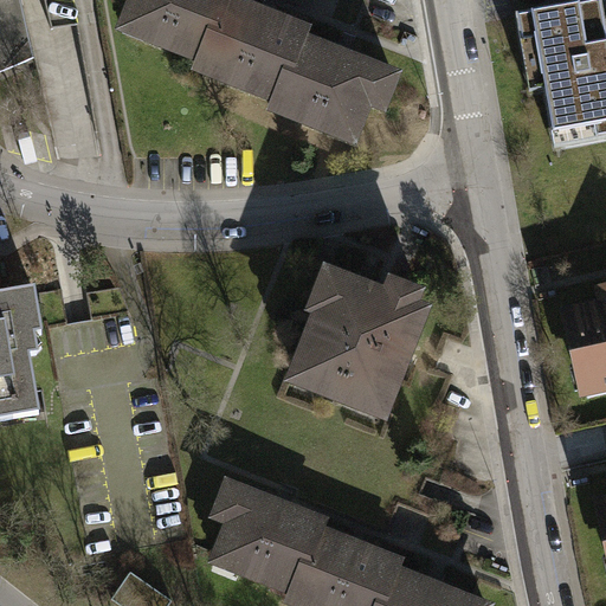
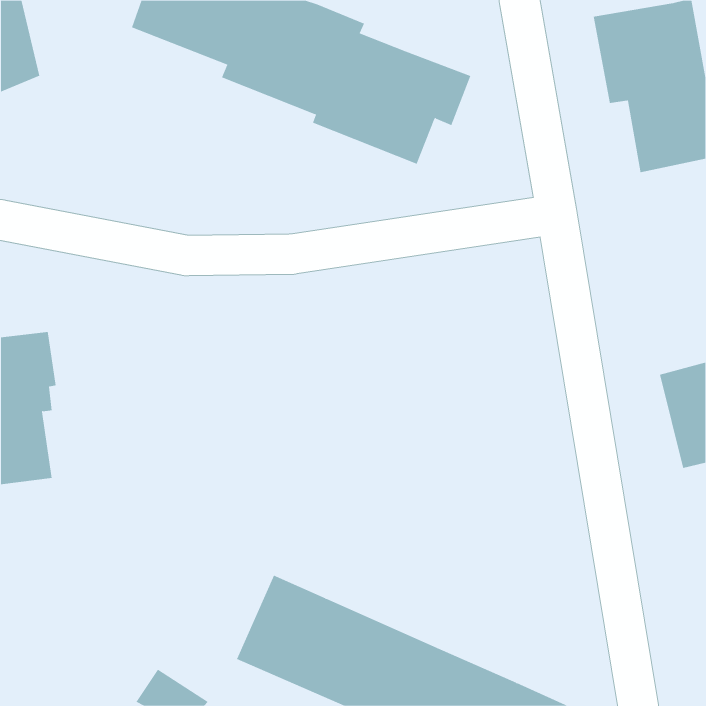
building: [282,256,433,417] -> none

